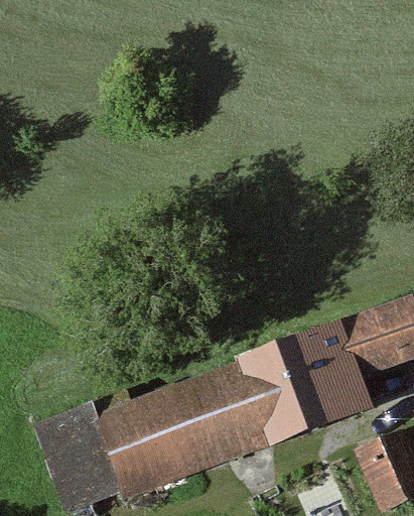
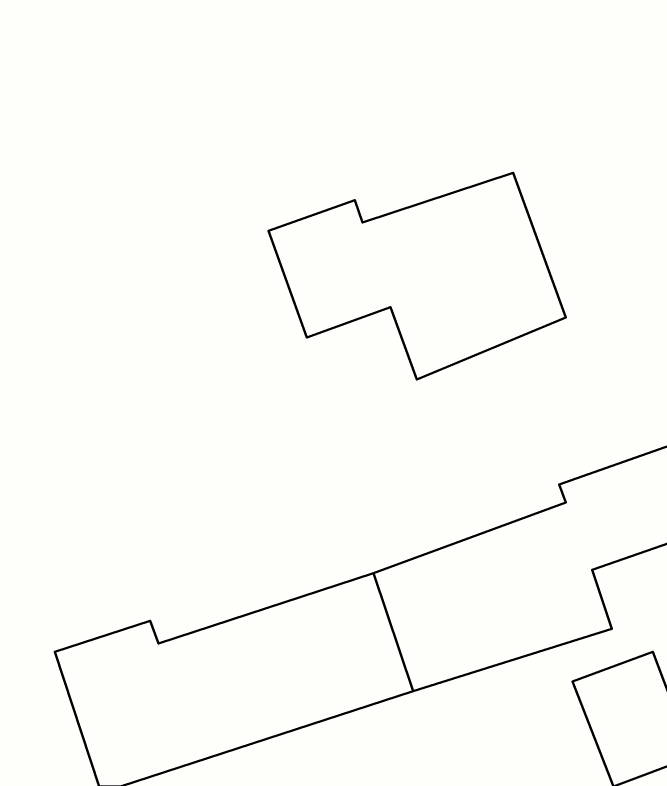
building: none -> [268,173,566,380]

